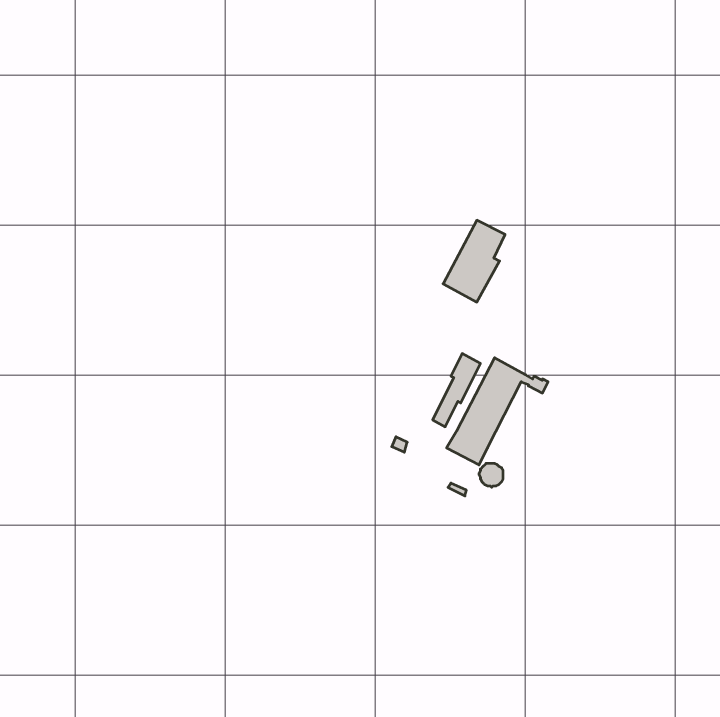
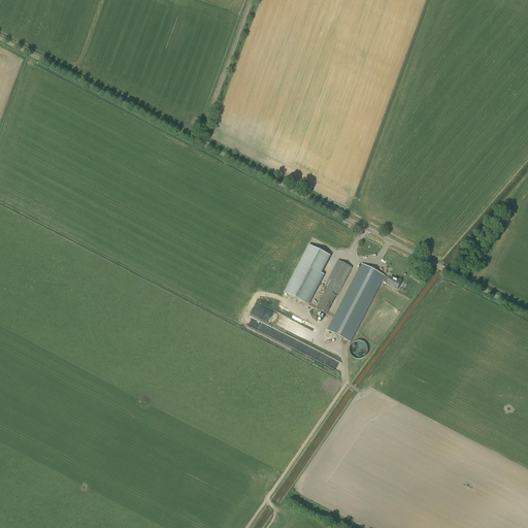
building: [443,220,505,302] -> [284,243,329,303]

